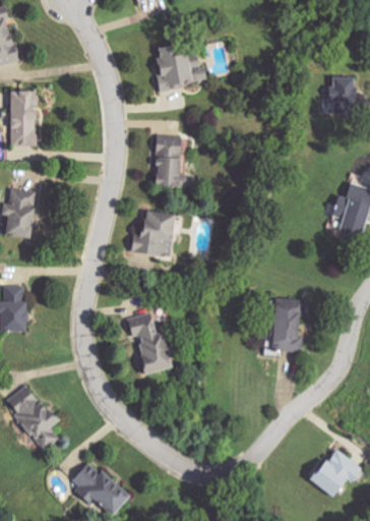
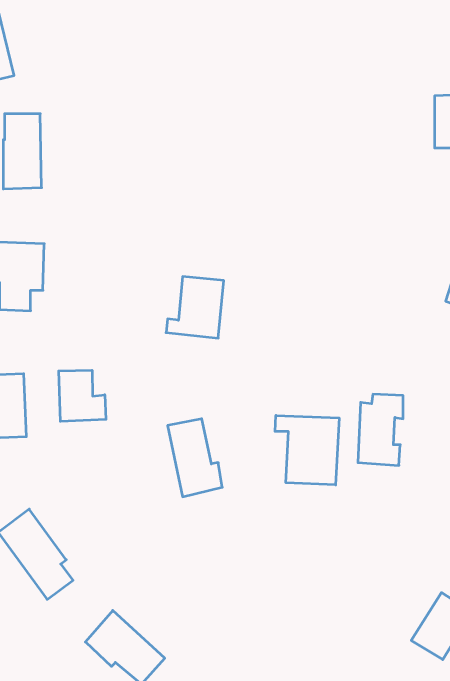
building: [153,45,206,88] -> none
building: [152,136,186,187] -> none
building: none -> [59,370,106,421]
building: none -> [275,415,339,485]

